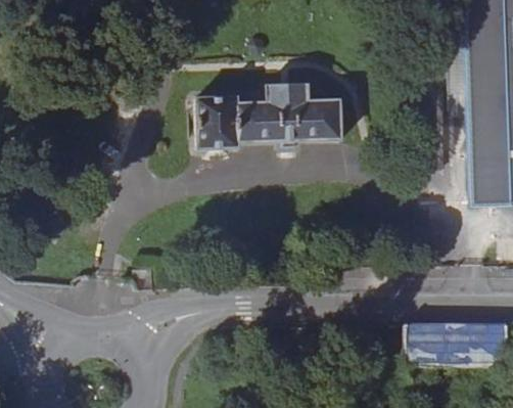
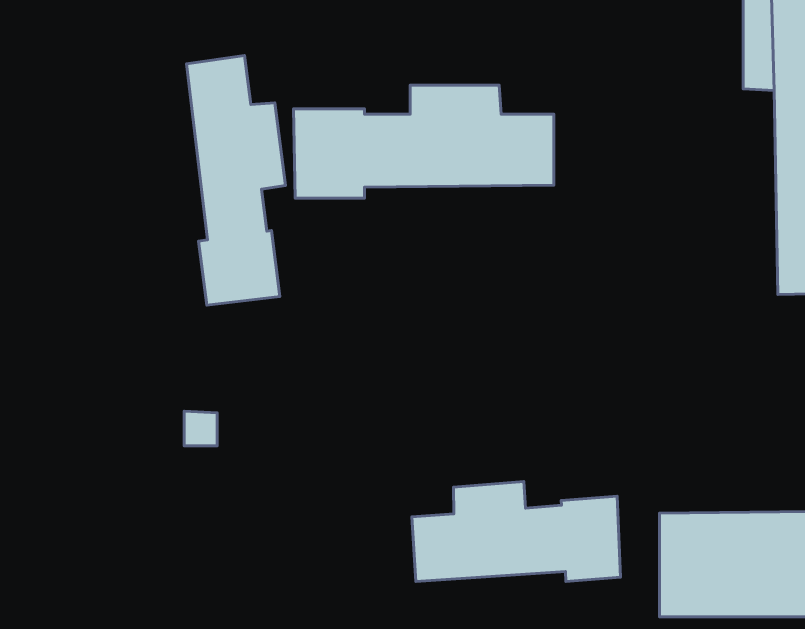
building: none -> [187,56,285,305]
building: none -> [412,482,621,582]

